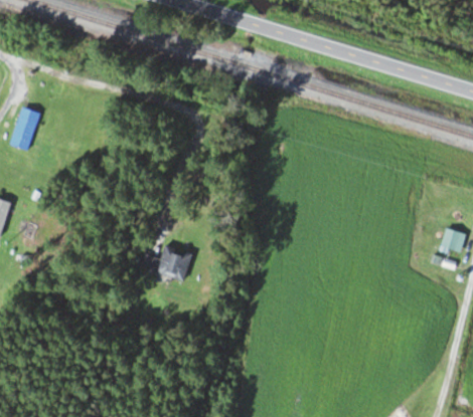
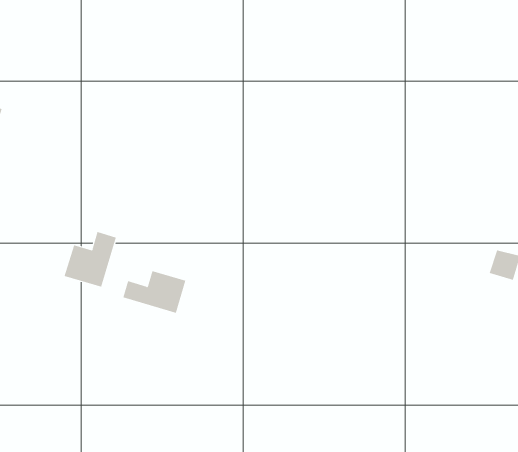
building: none -> [64,231,116,288]

